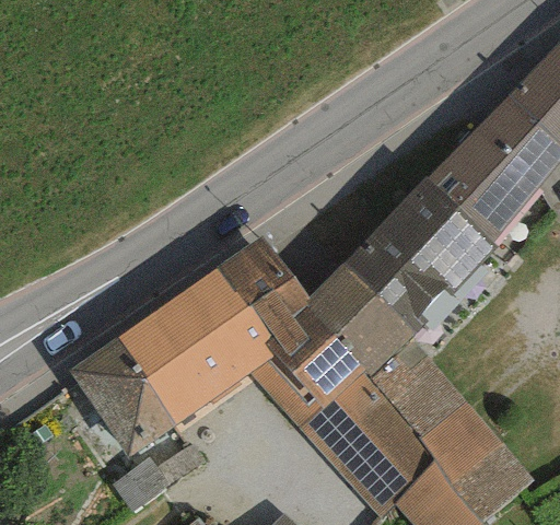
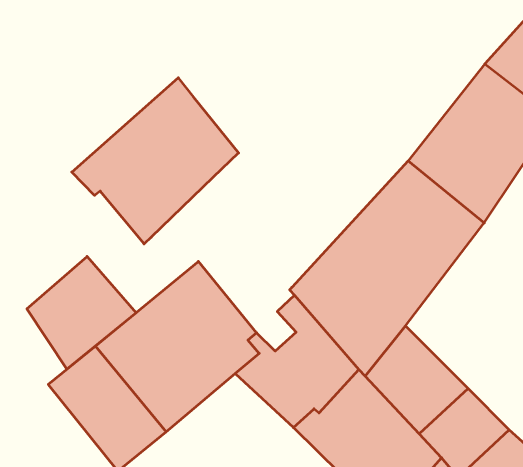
building: none -> [72,78,239,244]
building: [221,234,310,354] -> none
building: none -> [27,256,136,369]

